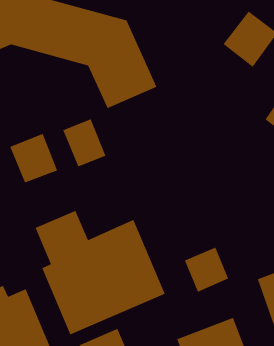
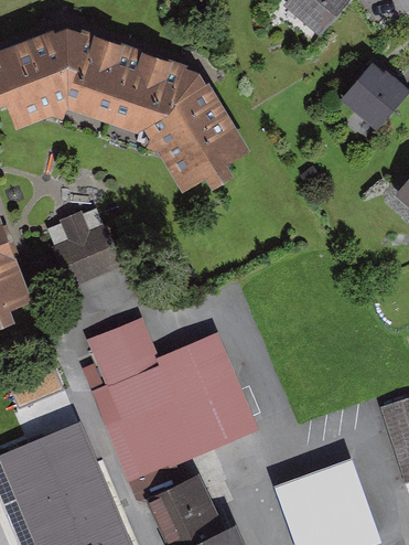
building: [62,118,106,167] -> none
building: [184,246,229,293] -> none

